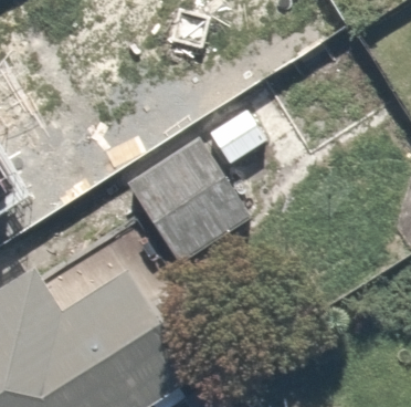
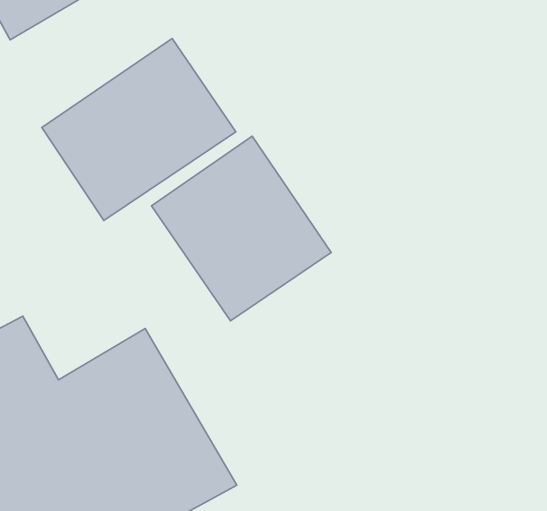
building: none -> [42,39,236,221]

